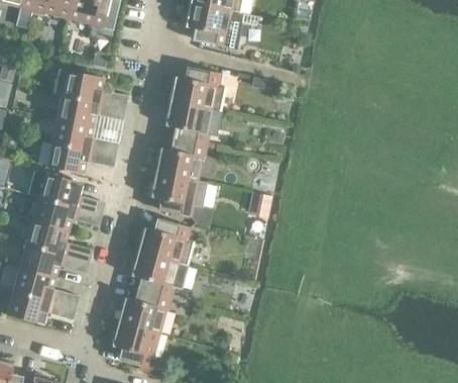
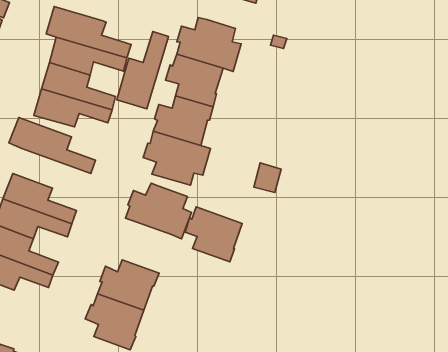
building: none -> [117,32,169,109]
building: [32,198,102,231] -> none
building: [128,253,179,299] -> [185,207,242,262]

